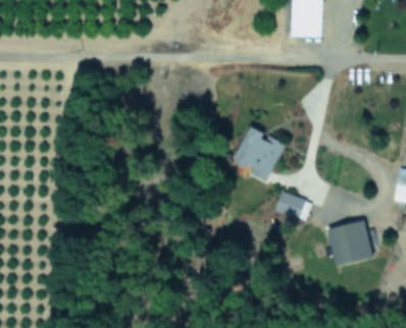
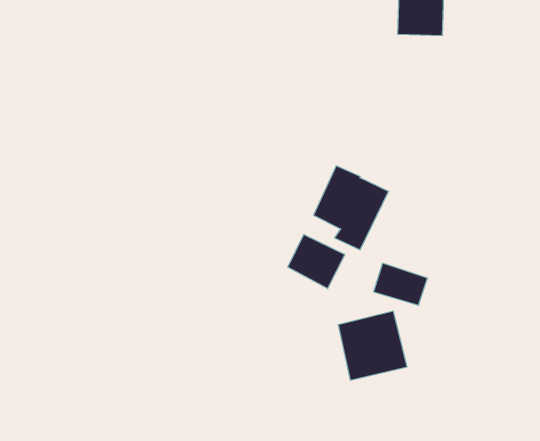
building: none -> [288,234,345,289]
building: [326,219,373,266] -> [338,311,407,380]

